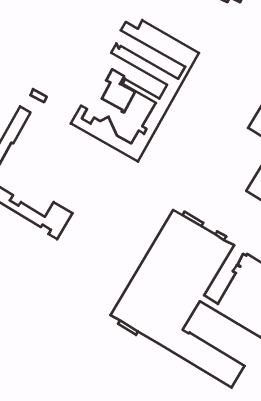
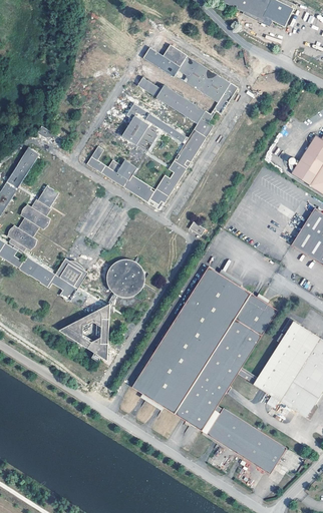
building: none -> [7,185,59,252]
building: none -> [106,258,144,297]
building: none -> [56,309,108,362]

